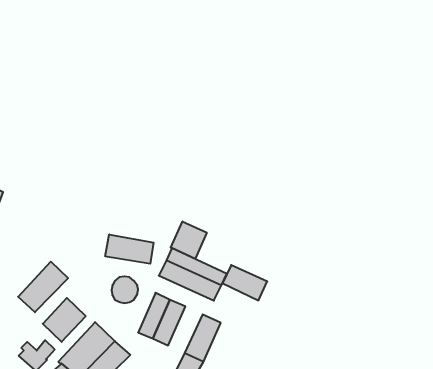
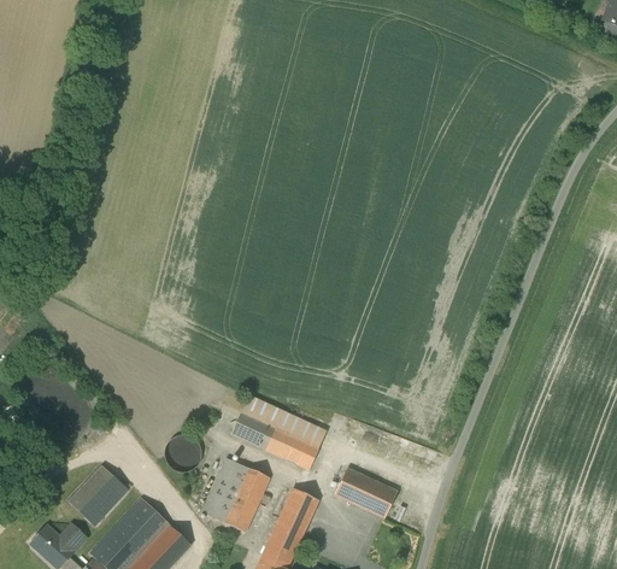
building: [171,221,207,259] -> none
building: [105,234,154,264] -> none
building: [18,262,68,312] -> none
building: [222,265,267,300] -> [334,468,396,517]

